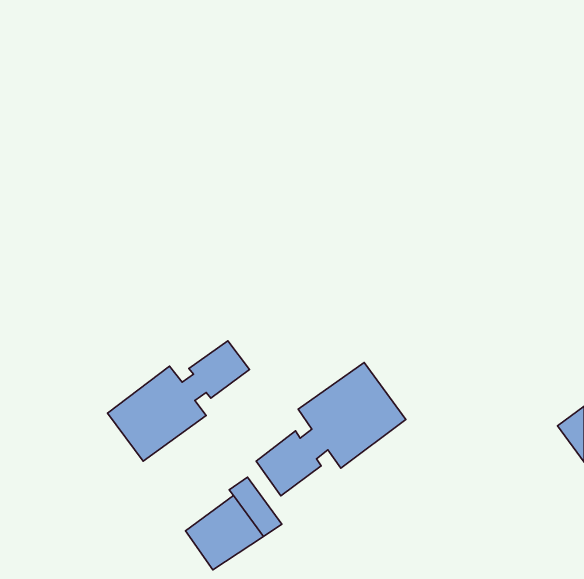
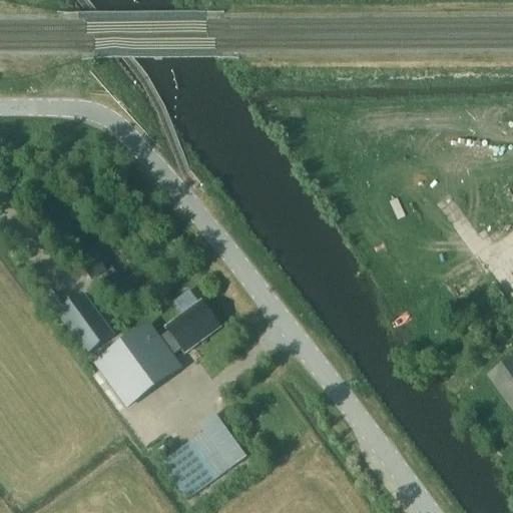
building: none -> [55,290,113,352]
building: [256,363,406,496] -> none

